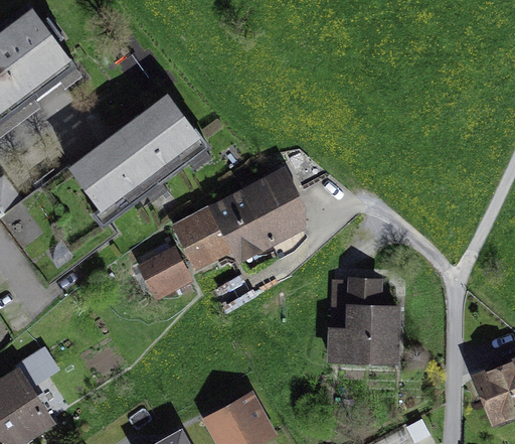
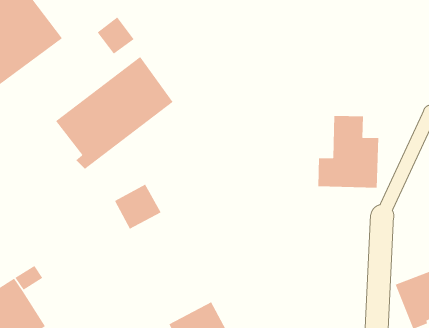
building: none -> [97,17,135,55]
building: [171,170,305,274] -> none
building: [327,273,400,359] -> [317,115,379,188]

